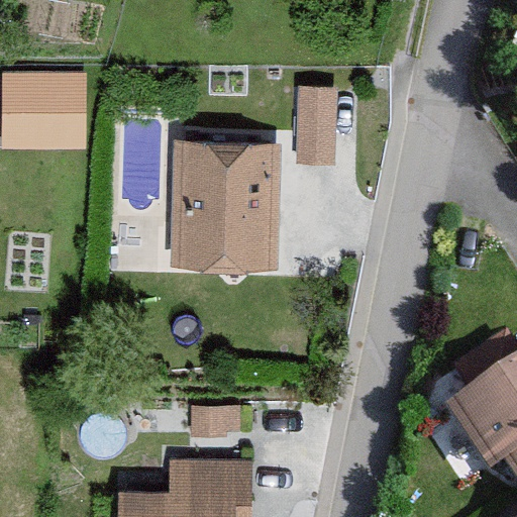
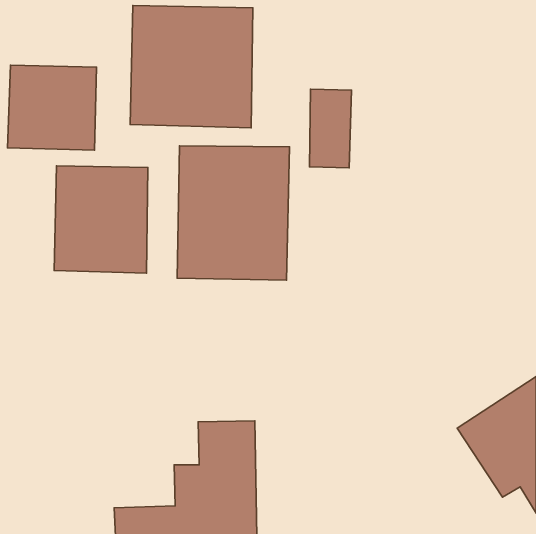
building: none -> [130,5,253,128]
building: none -> [54,166,148,273]

